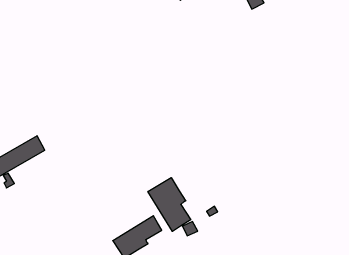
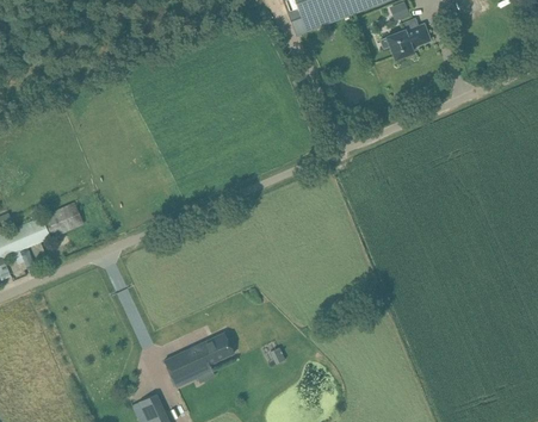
building: [148,178,191,231] -> none

